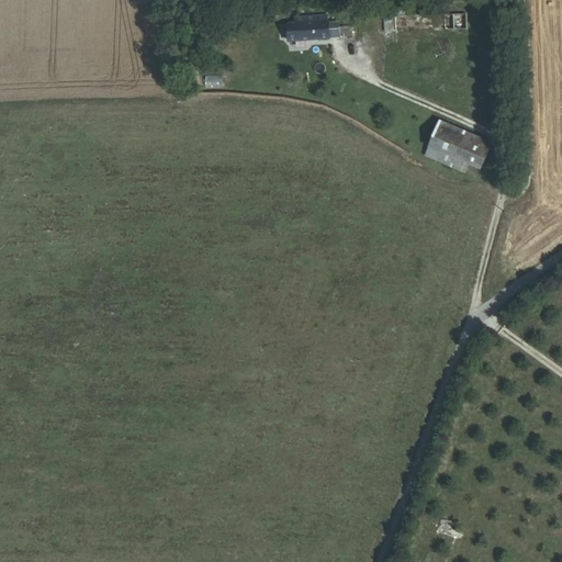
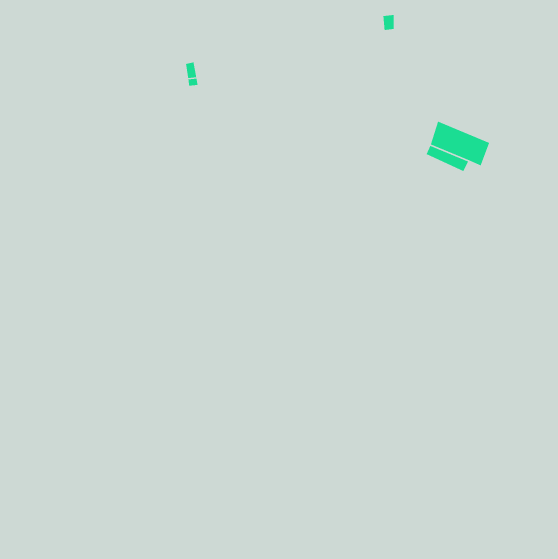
building: [281,15,351,38] -> none

